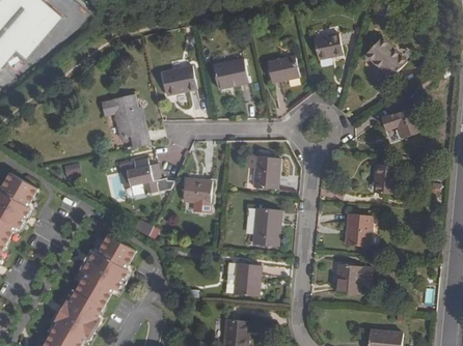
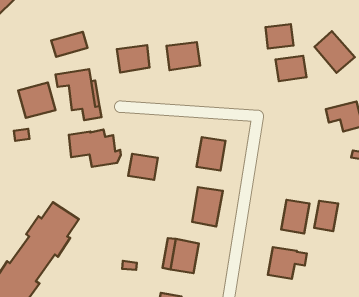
building: [266,55,299,83] -> [276,56,306,81]
building: none -> [51,32,88,57]
building: none -> [18,83,55,118]
building: [373,164,396,194] -> [314,201,338,231]

